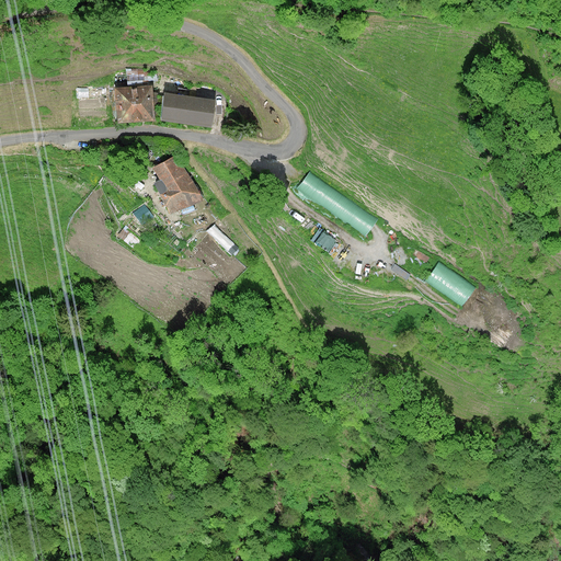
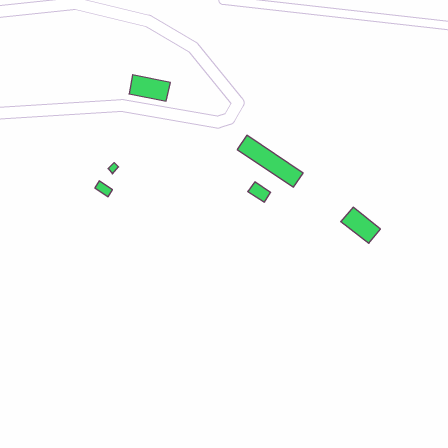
building: [114,89,153,123] -> none
building: [153,160,199,218] -> none

